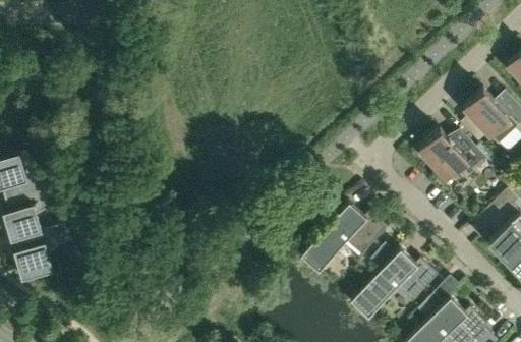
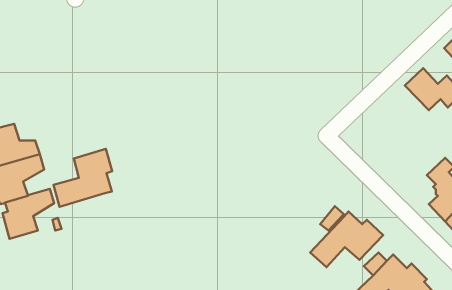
building: [418,131,485,178] -> none
building: none -> [54,149,112,207]
building: [306,203,387,266] -> none

